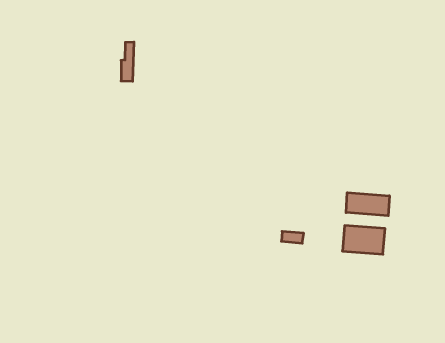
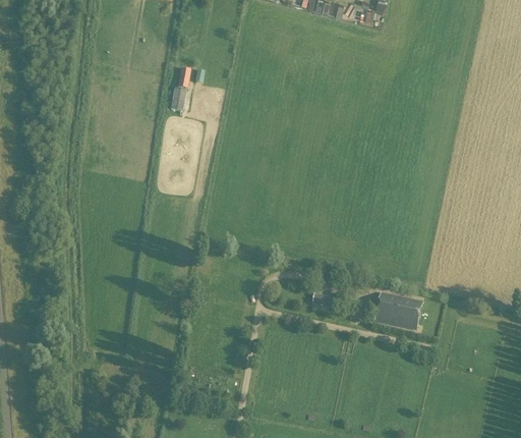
building: [346,193,389,216] -> none

